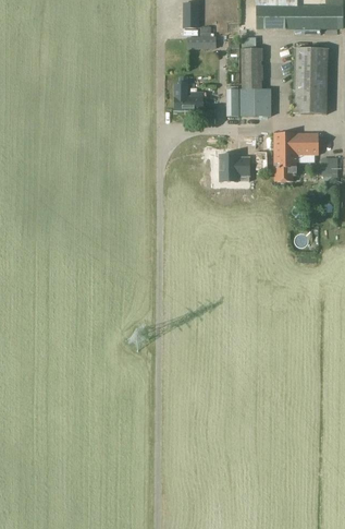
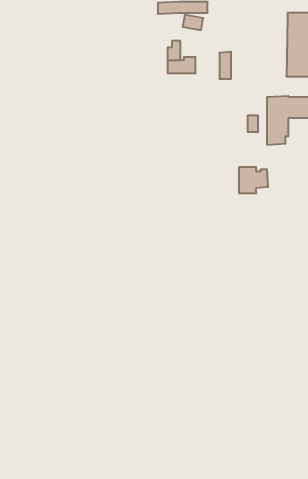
building: [242,48,270,116] -> none
building: [221,155,250,181] -> [239,167,268,193]

